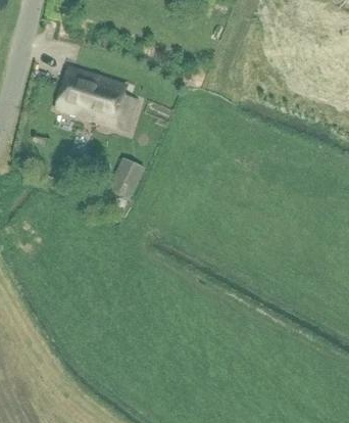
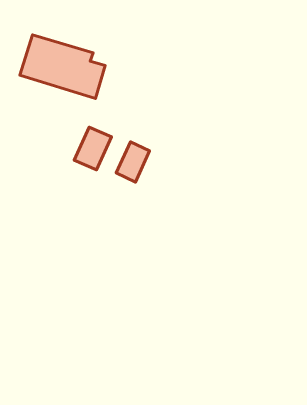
building: none -> [116,142,150,182]

